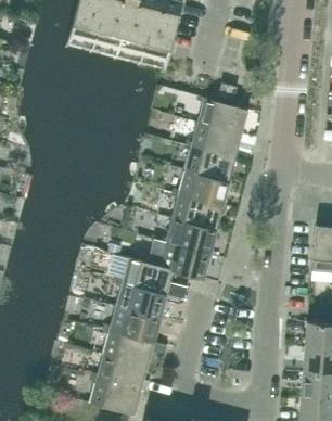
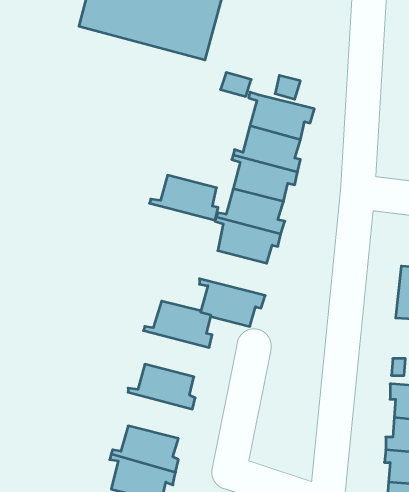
building: [159,219,213,254] -> [149,175,218,220]
building: [115,281,167,317] -> none
building: [103,329,154,365] -> none

